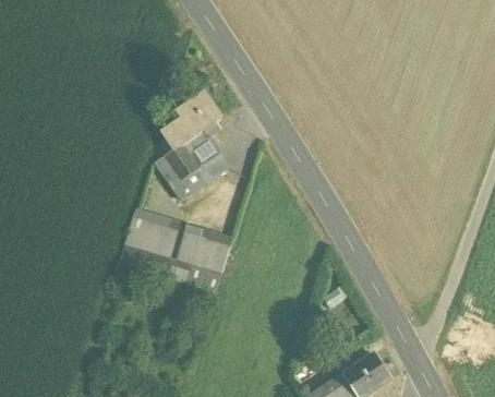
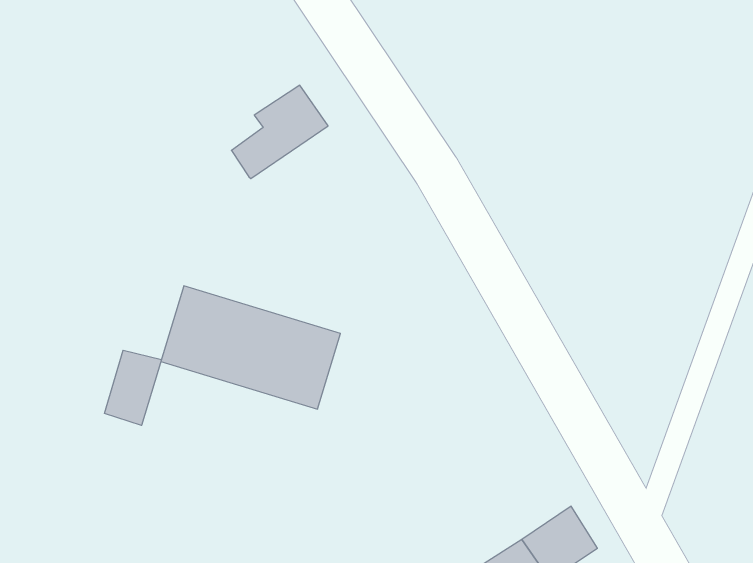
building: [156,129,230,200] -> none
building: none -> [104,350,162,425]

